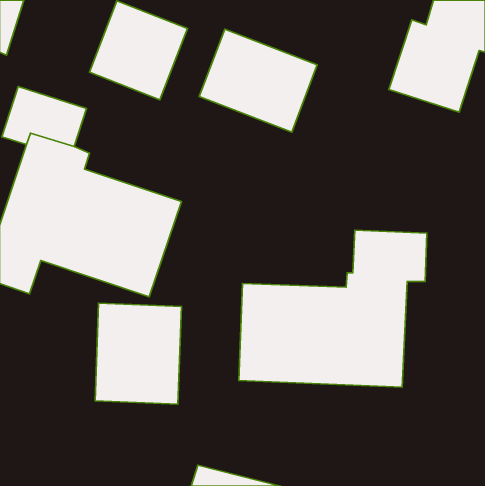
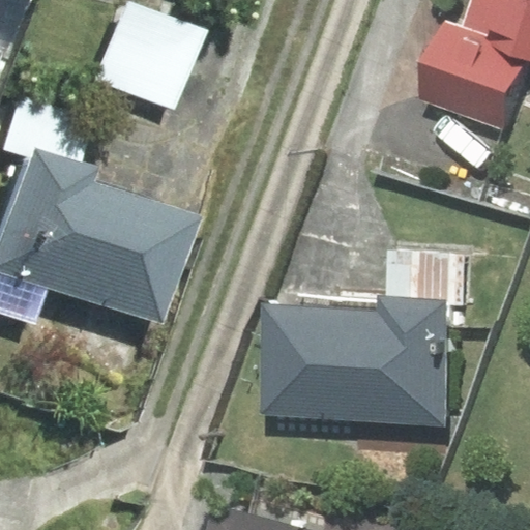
building: [199,29,317,132] -> none
building: [95,303,181,404] -> none

